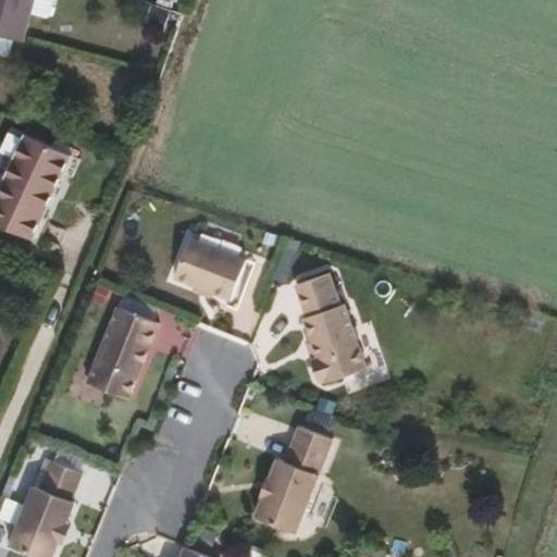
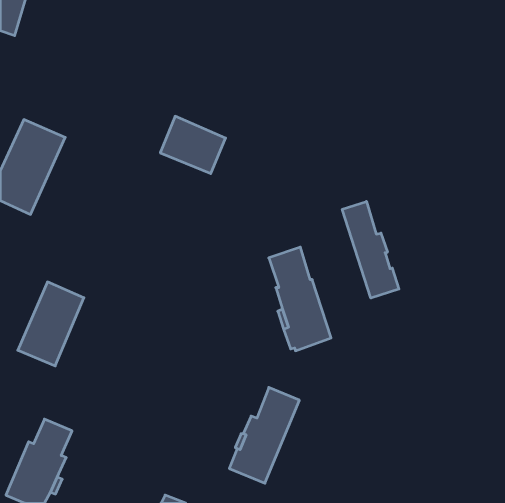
building: none -> [342,201,399,298]
building: [175,237,247,300] -> [160,116,226,174]
building: [85,307,158,399] -> [18,282,84,366]

